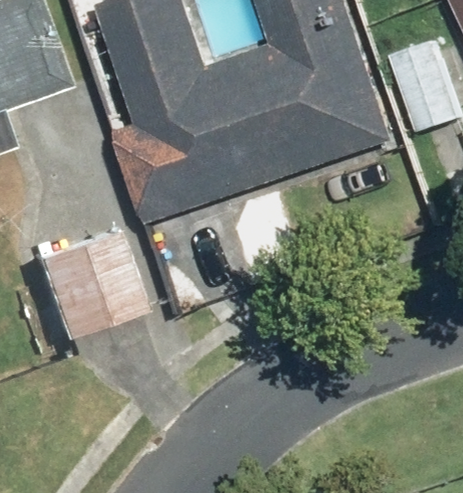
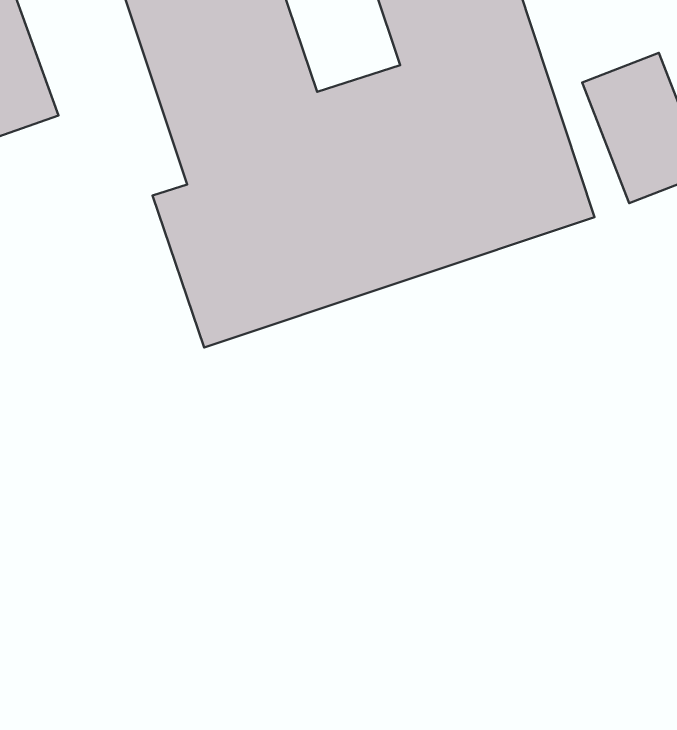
building: [27,226,144,339] -> none

